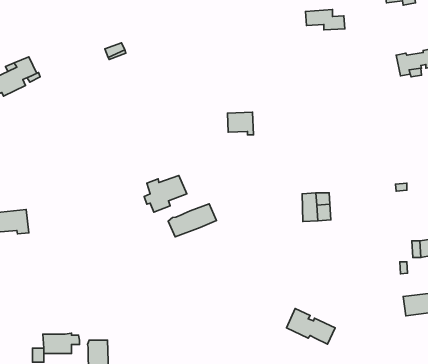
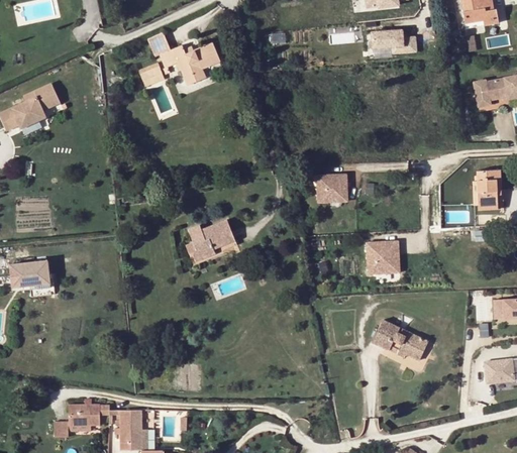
building: none -> [147,32,219,86]
building: [227,112,254,135] -> [317,175,347,201]
building: none -> [476,169,501,206]
building: [168,204,216,237] -> none
building: [286,309,335,344] -> [372,319,428,360]

